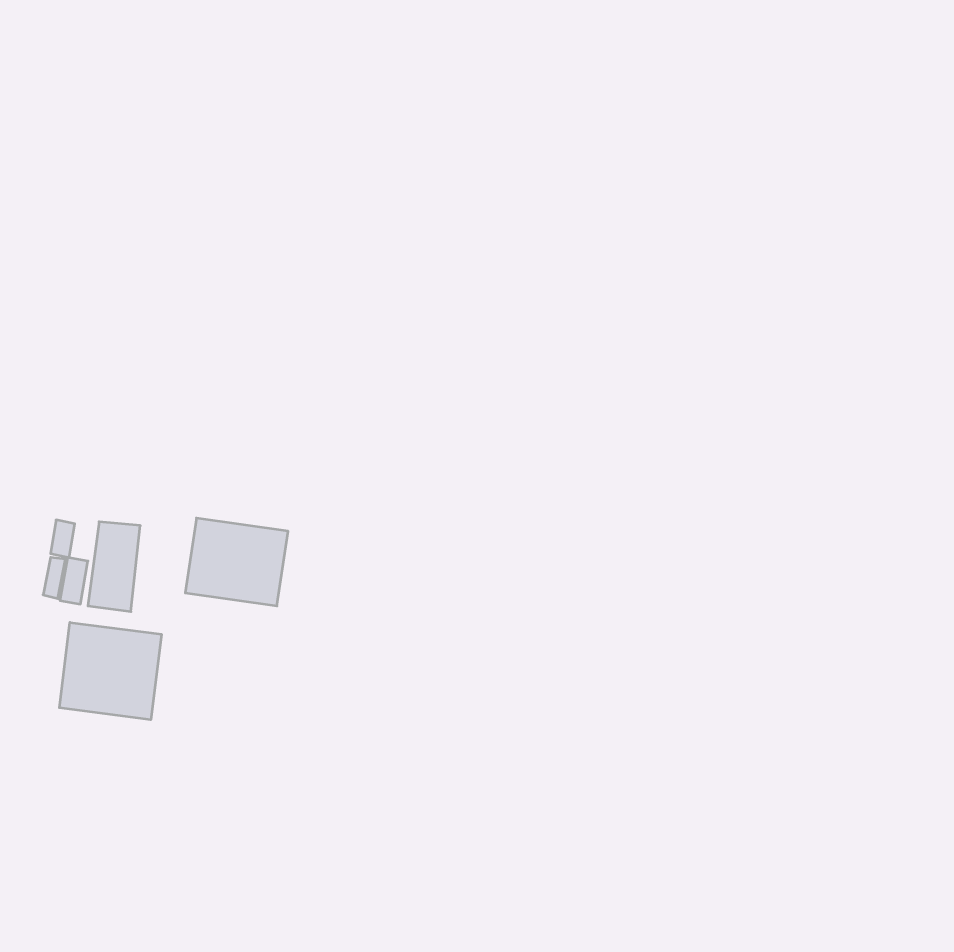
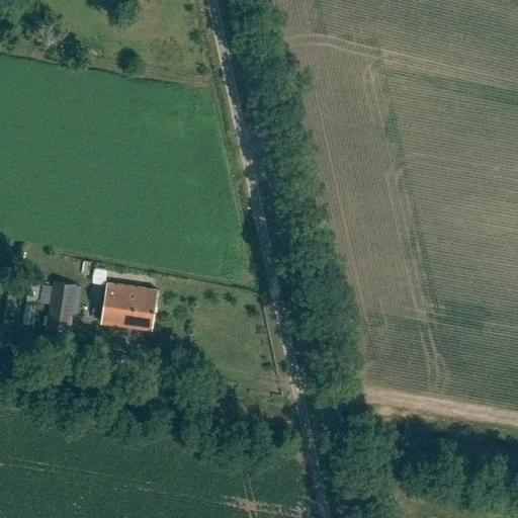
building: [59,622,161,720] -> none

